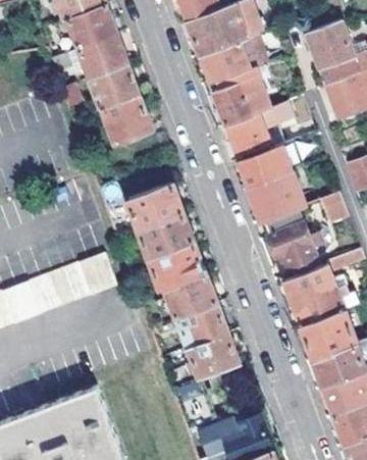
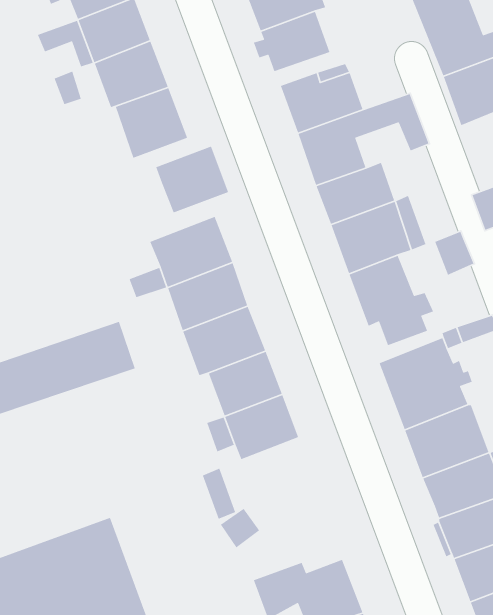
building: none -> [155,146,229,214]
building: [189,333,240,378] -> none

